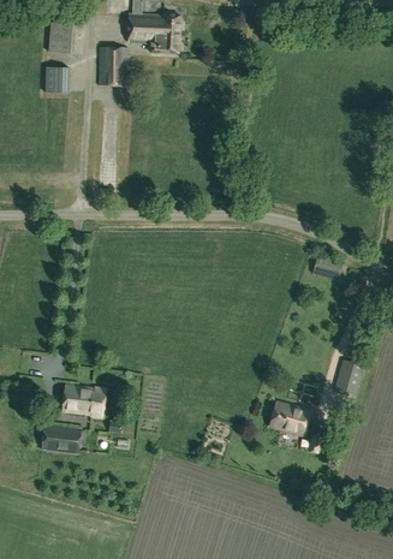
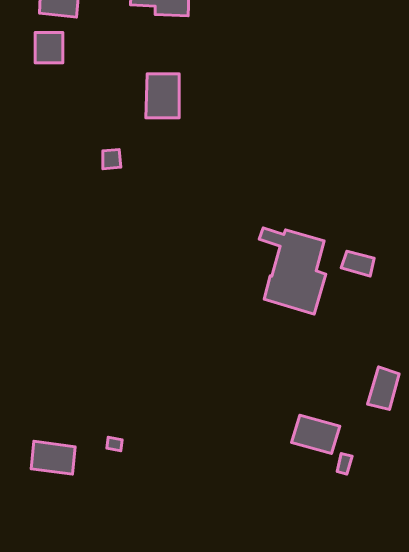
building: [97,46,126,84] -> [146,74,179,118]
building: none -> [259,228,326,314]
building: [60,383,105,416] -> none

